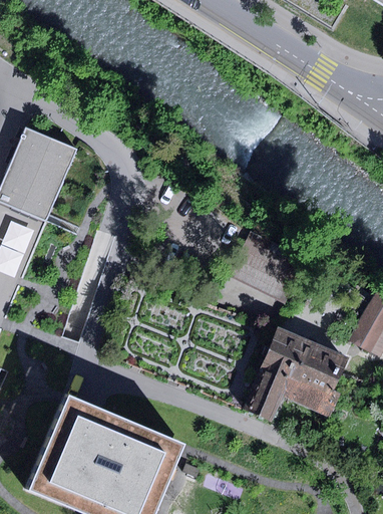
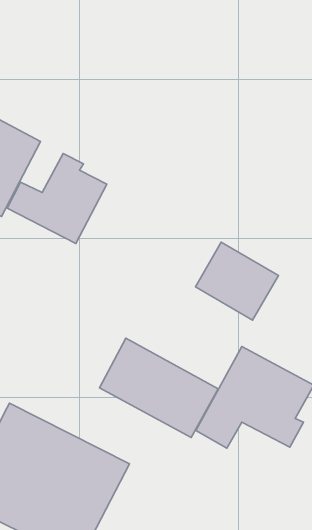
building: none -> [7,153,107,244]
building: none -> [100,338,218,438]

